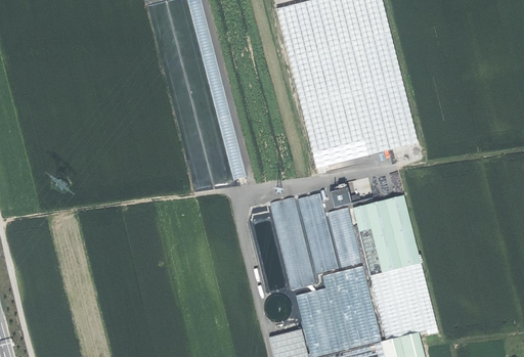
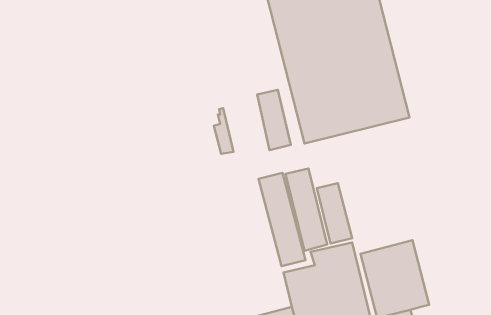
building: none -> [257,90,291,150]
building: [325,183,358,208] -> none
building: [351,194,421,277] -> none

